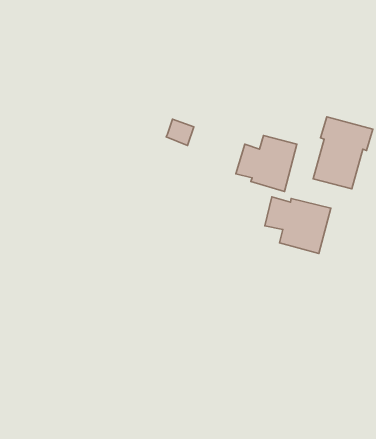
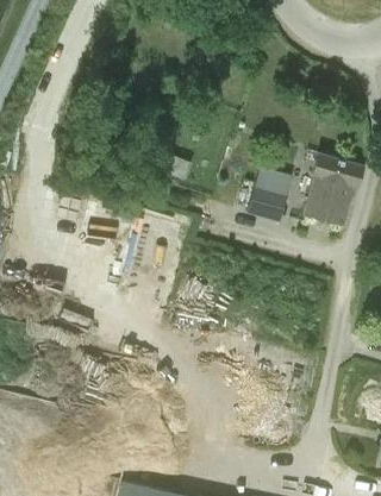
building: [265,197,331,254] -> none

